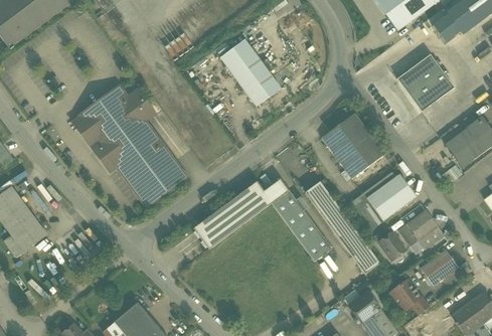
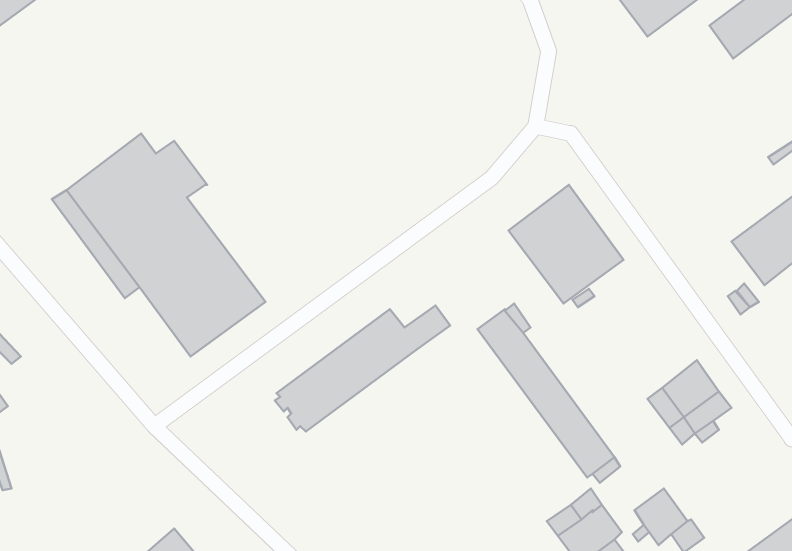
building: [218,39,281,107] -> none
building: [396,54,454,112] -> none
building: [366,174,416,220] -> none
building: [271,190,333,263] -> none
building: [378,232,404,261] -> none
building: [421,250,457,285] -> none

